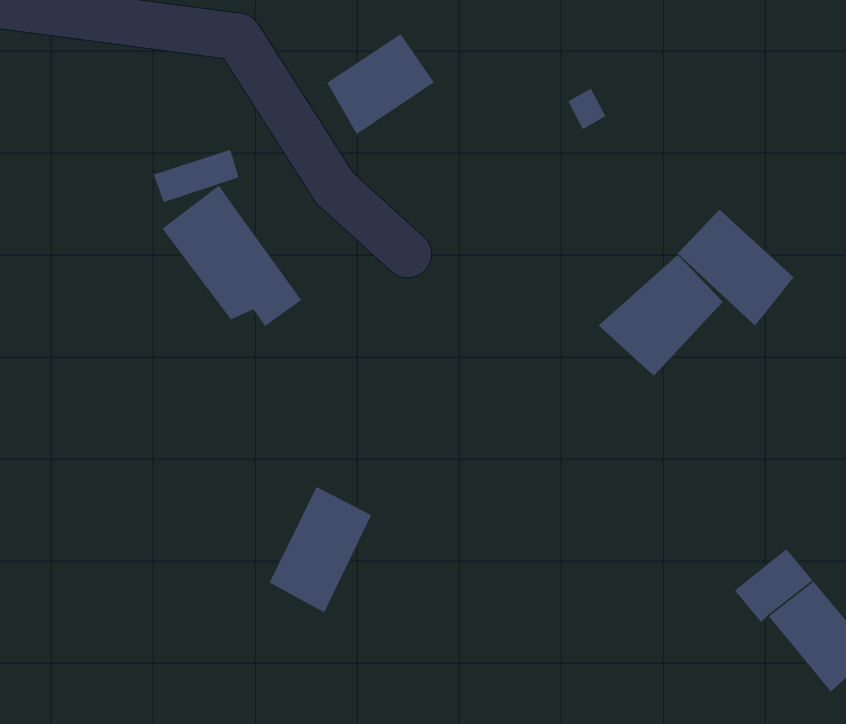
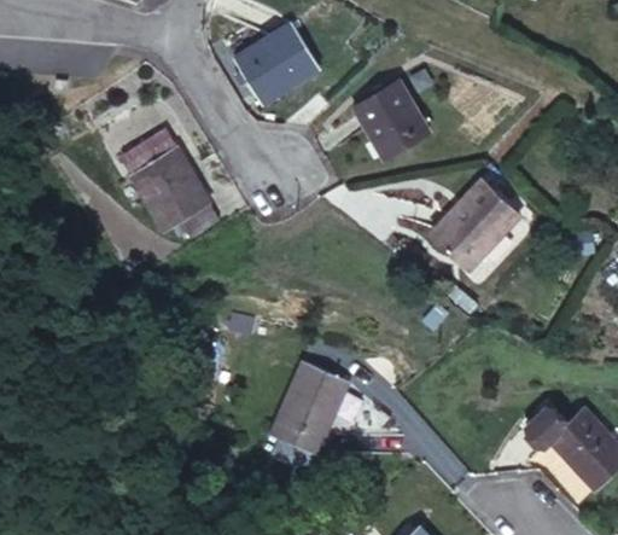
building: none -> [356,91,424,158]
building: [677,209,795,326] -> none
building: [269,486,372,613] -> [275,366,349,457]

